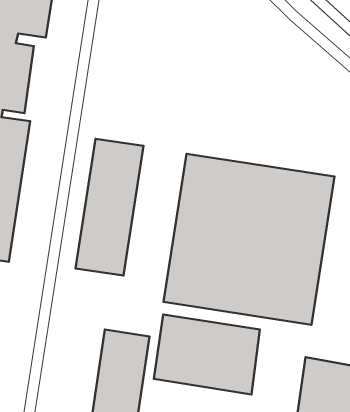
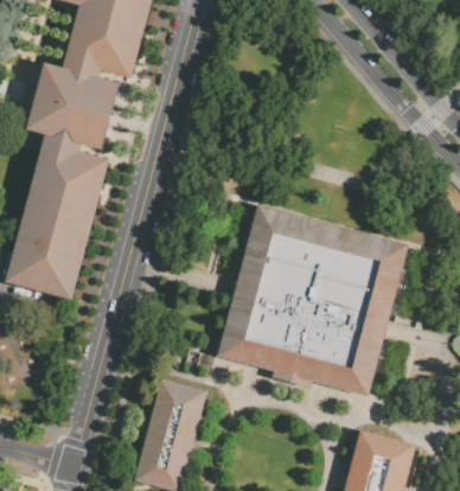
building: [75,139,144,276] -> none
building: [154,315,260,394] -> none

